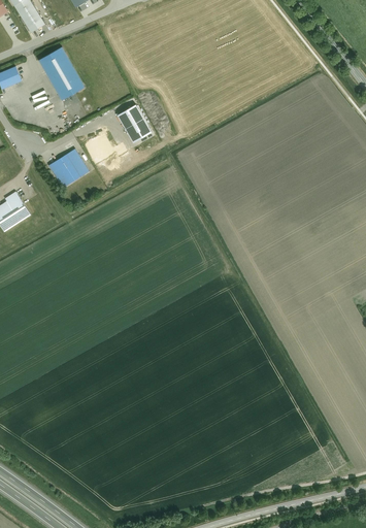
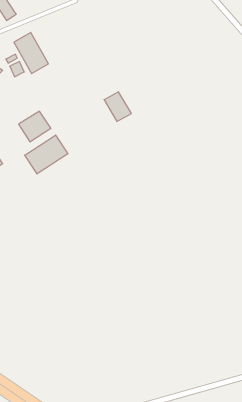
building: [113,104,148,142] -> [104,92,131,121]
building: none -> [25,135,68,174]

